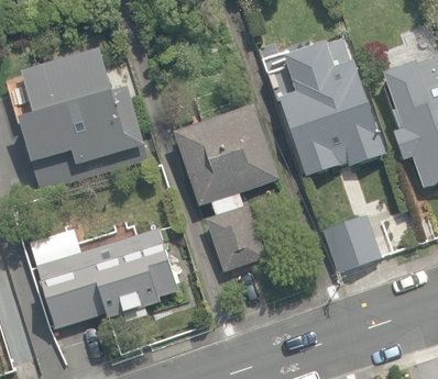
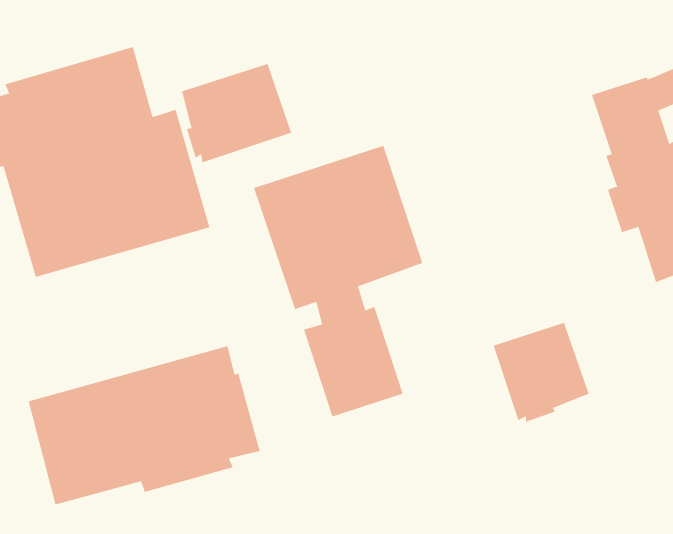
building: [277,38,384,177] -> none
building: none -> [182,63,292,163]

